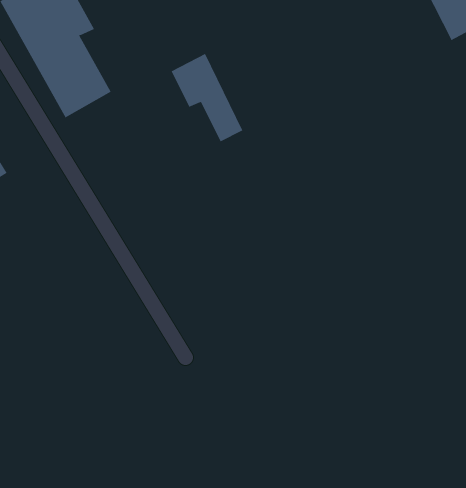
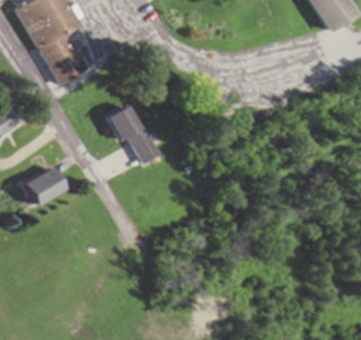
building: [171,53,243,142] -> [112,105,160,165]
building: none -> [24,169,65,206]

